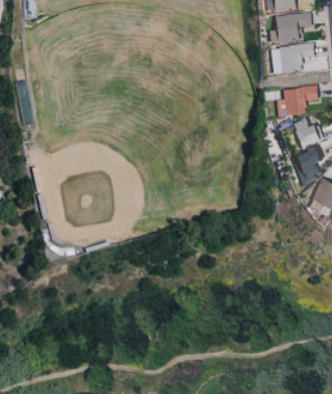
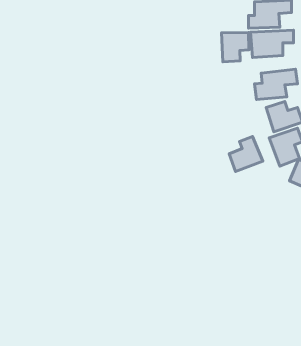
building: none -> [222,32,249,62]
building: none -> [229,136,263,172]

